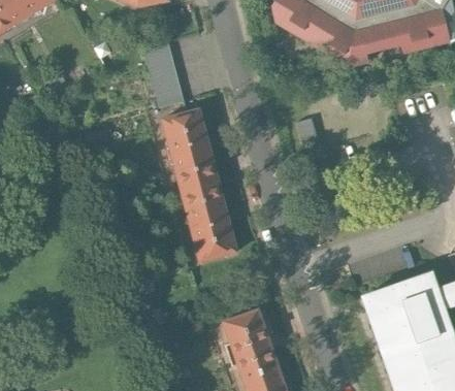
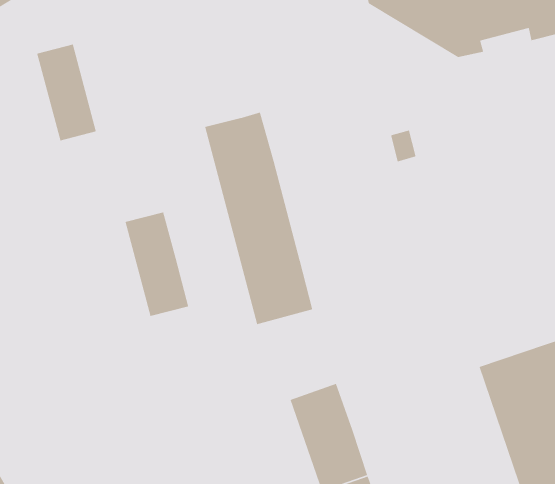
building: [140,44,186,118] -> [36,43,97,141]
building: none -> [124,211,189,317]

